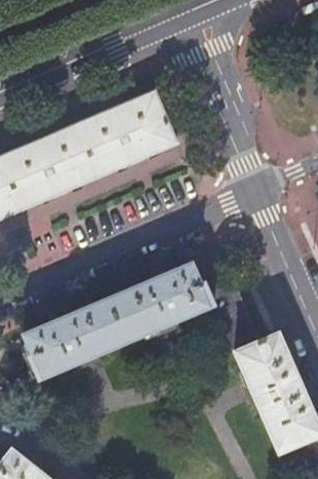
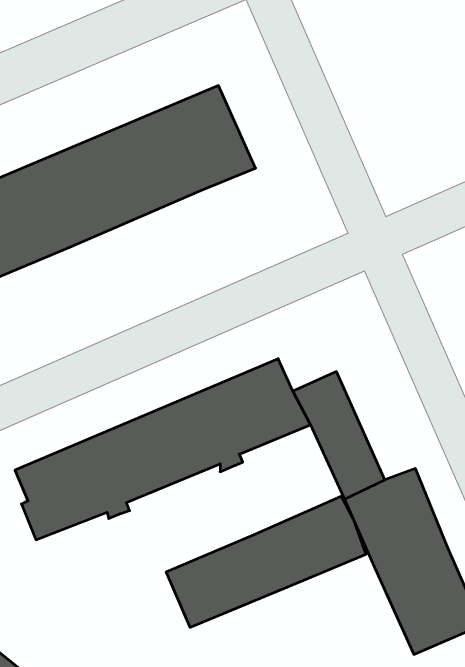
building: none -> [166,496,366,627]

